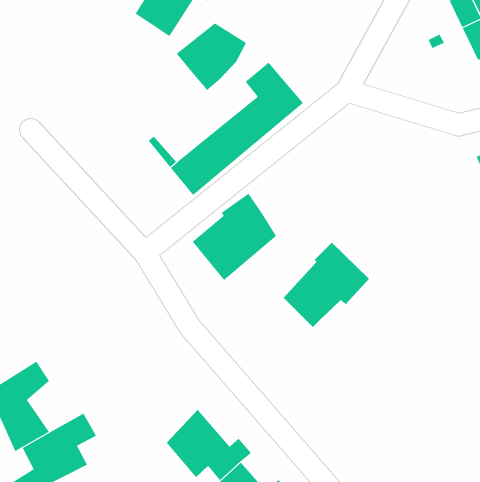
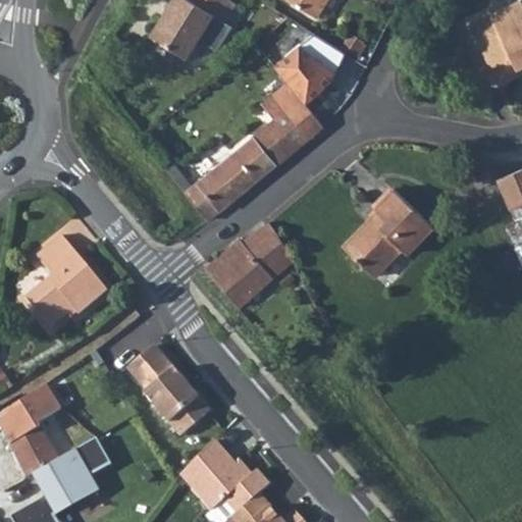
building: [176,23,247,91] -> [272,35,345,104]
building: none -> [25,236,106,328]
building: [283,242,370,328] -> [344,190,432,277]
building: none -> [126,344,209,434]

